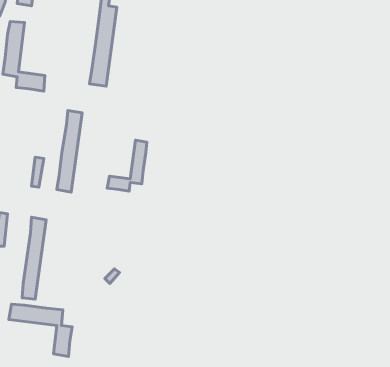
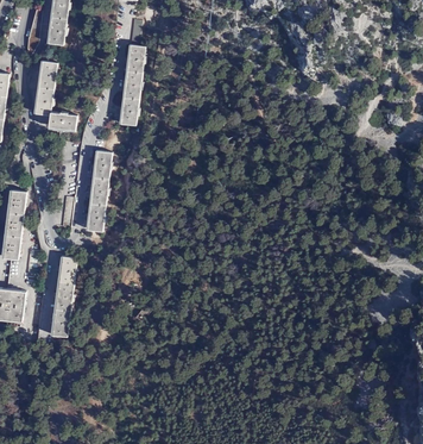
building: [107,140,147,191] -> none
building: [9,304,72,356] -> none

